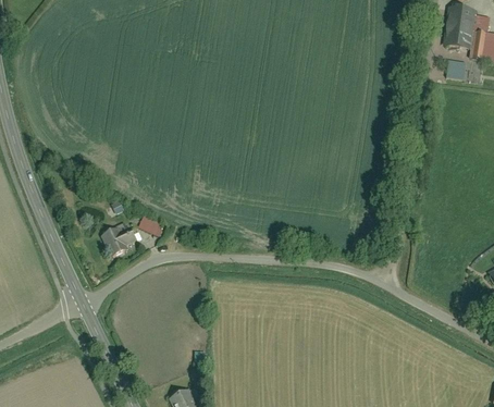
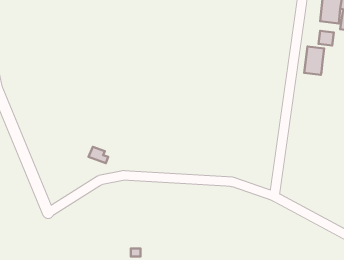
building: none -> [304,46,324,75]
building: [102,226,135,256] -> none

